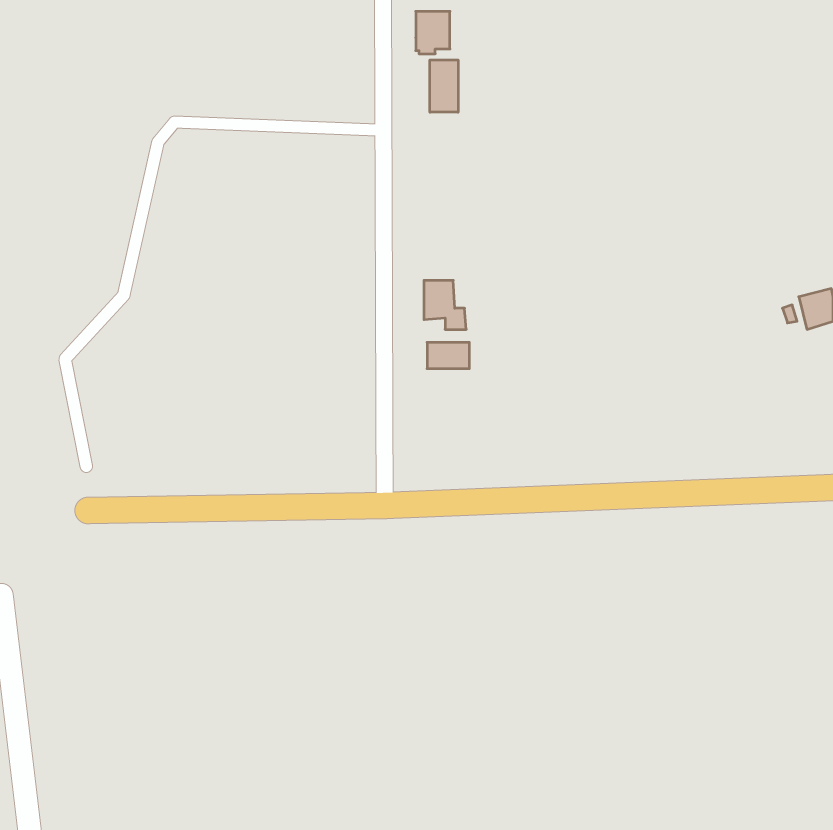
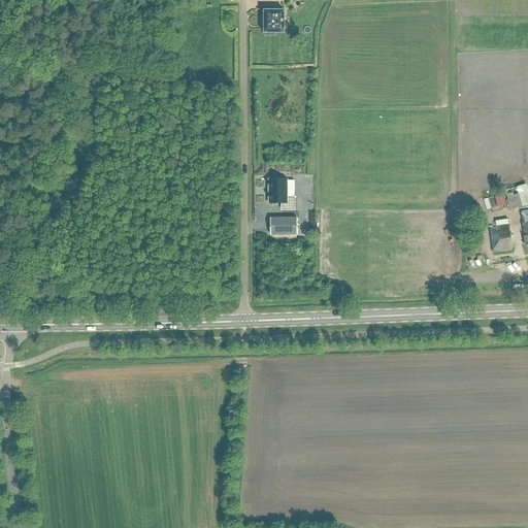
building: [430,60,458,112] -> none
building: none -> [490,224,512,250]

